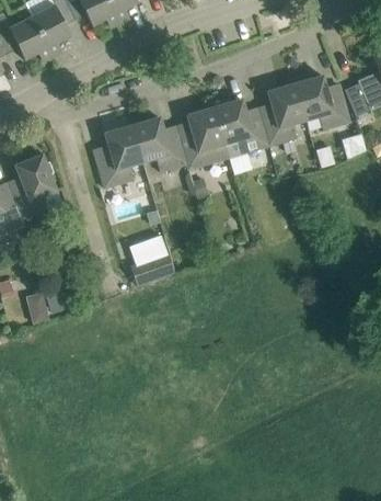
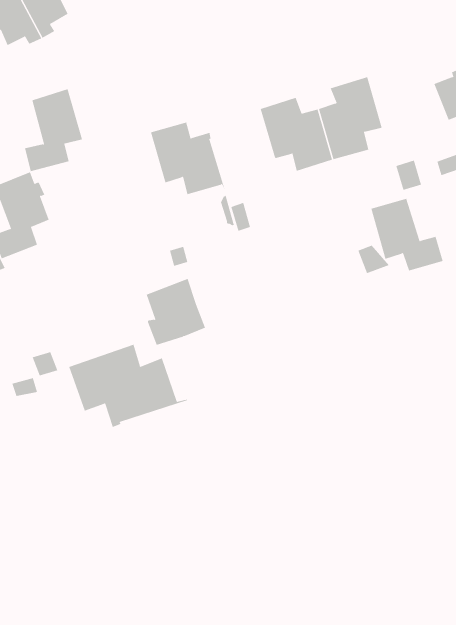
building: [296,75,350,129] -> [370,198,443,271]
building: [177,106,230,169] -> none
building: [100,124,143,186] -> [24,88,83,172]
building: none -> [69,344,188,428]

